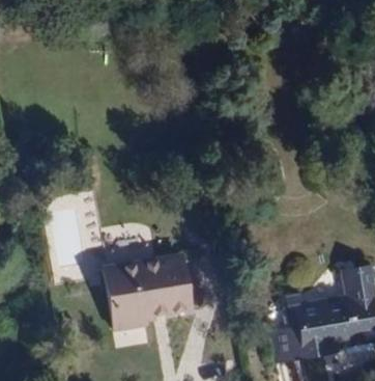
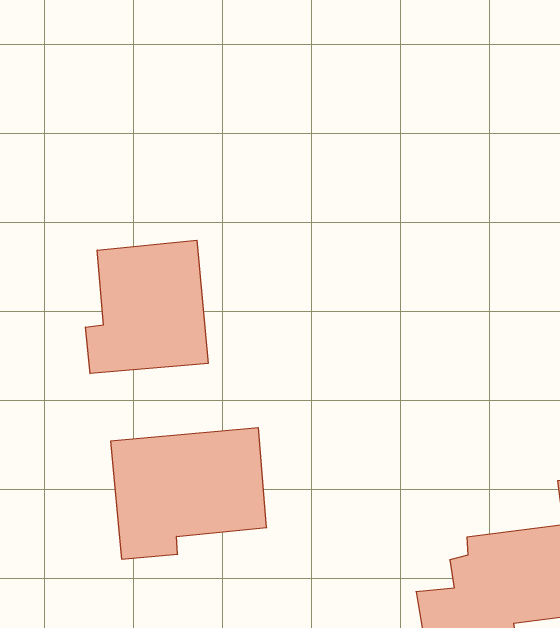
building: none -> [86,240,208,374]

